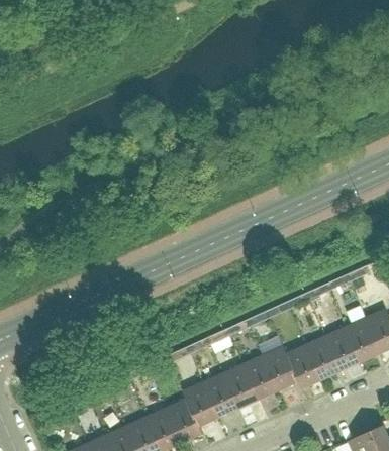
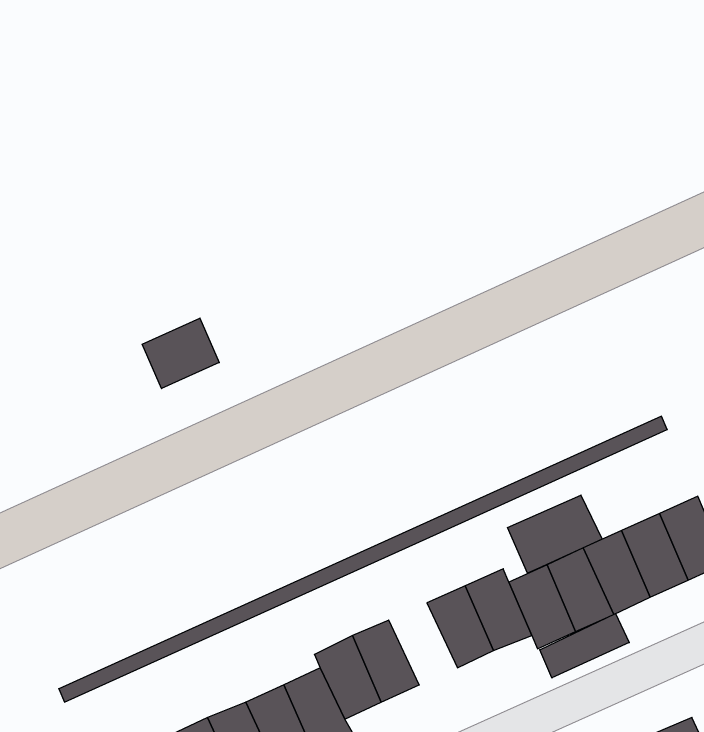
building: none -> [142,318,219,389]
building: none -> [508,495,602,573]
building: [220,365,257,409] -> none
building: none -> [540,614,629,678]

